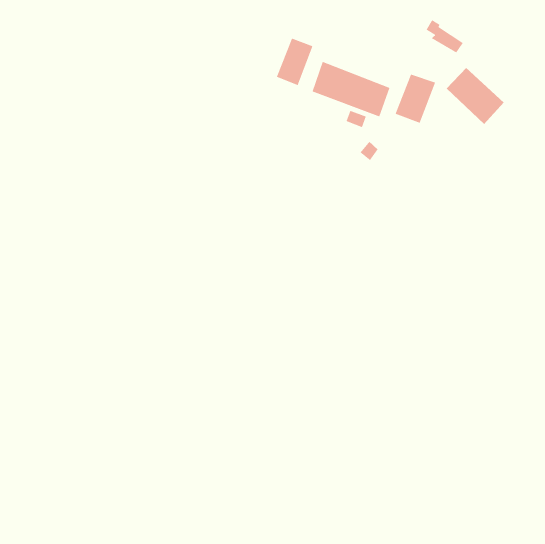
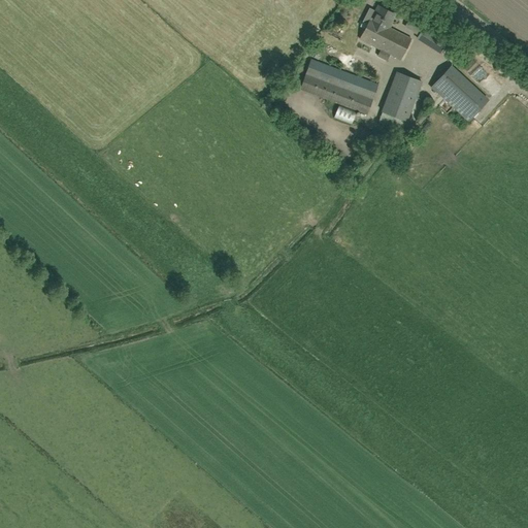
building: none -> [360,5,411,60]
building: [276,38,314,86] -> none

